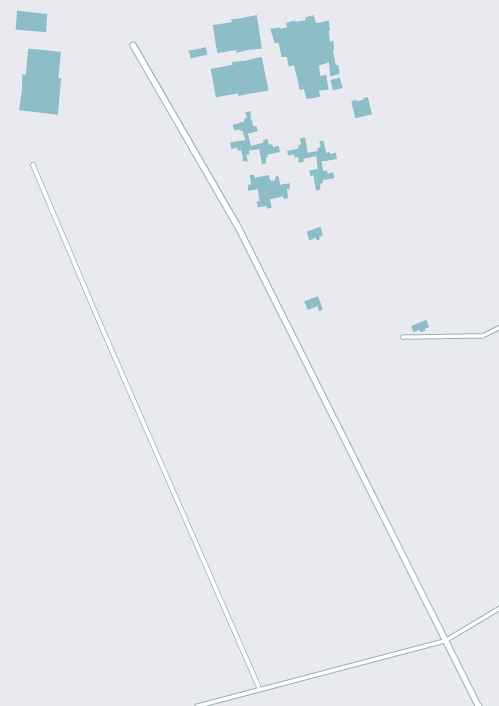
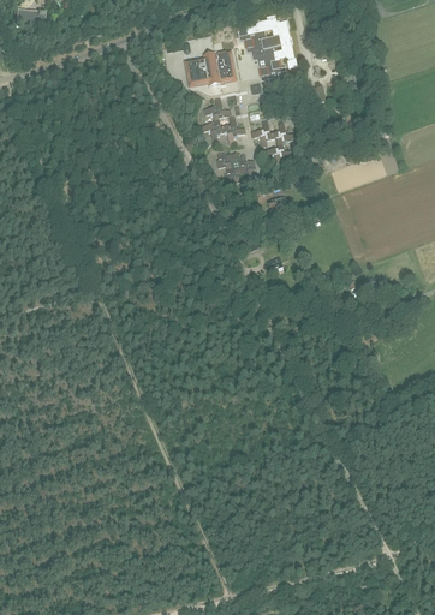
building: [212,14,262,54] -> none
building: [19,48,62,115] -> none

